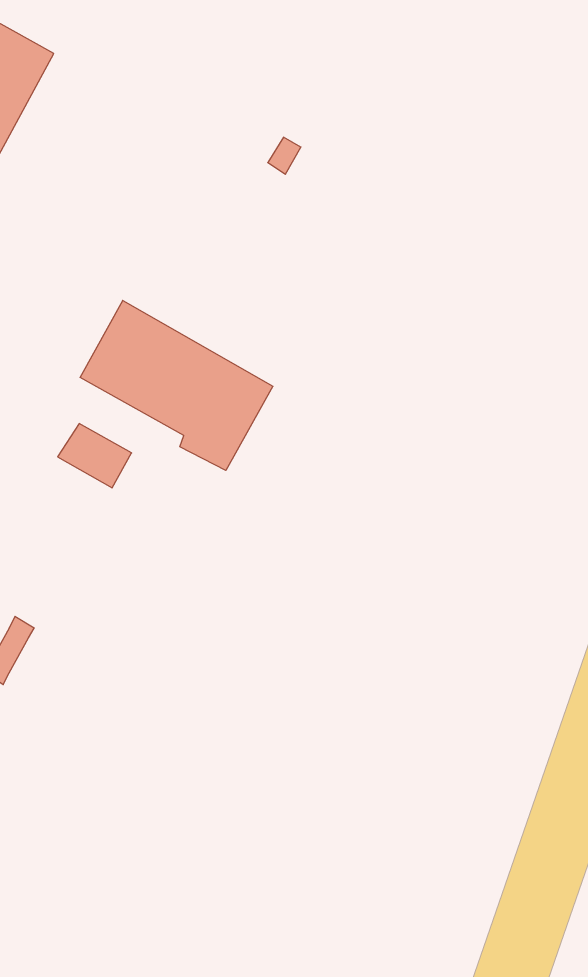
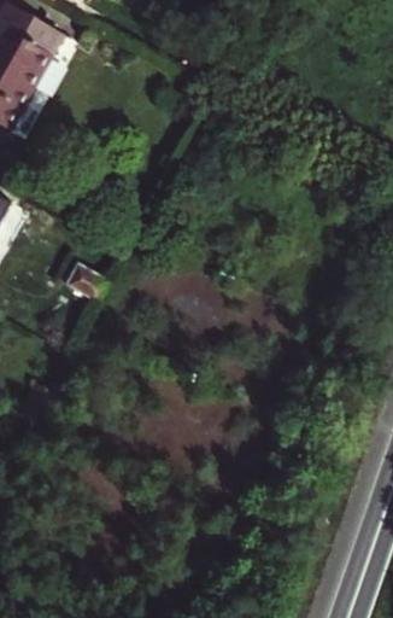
building: [80,300,273,470] -> none

